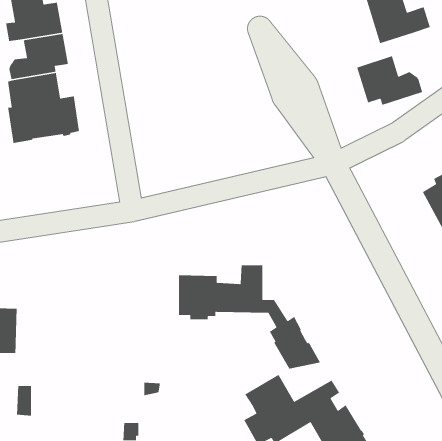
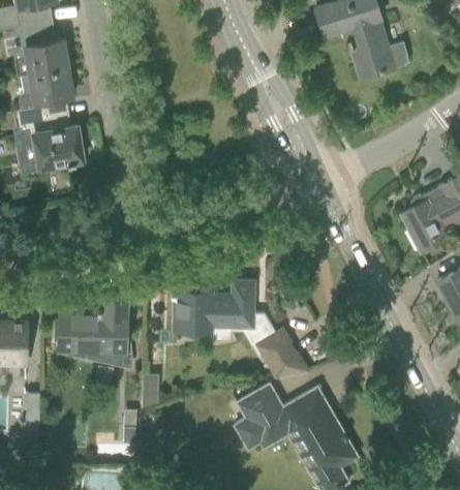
building: [356,55,423,106] -> none
building: none -> [57,299,128,365]

